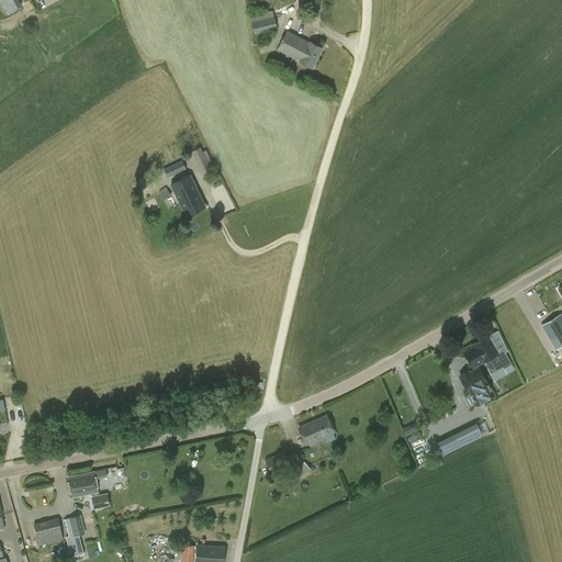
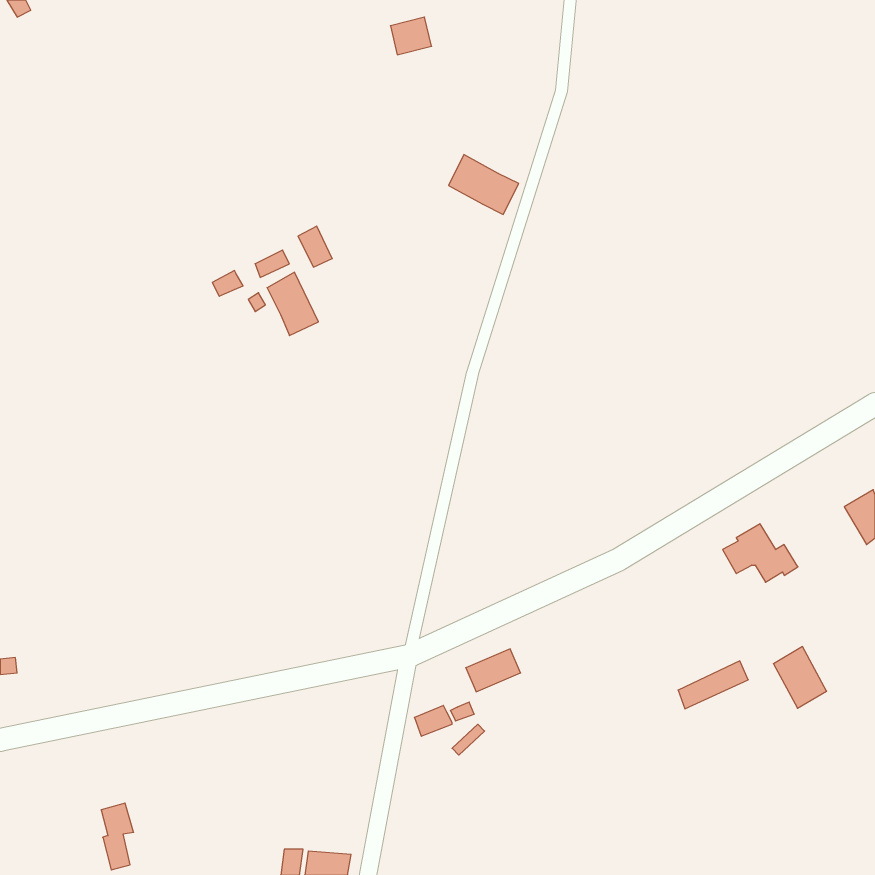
building: [277,30,322,68] -> [449,155,519,214]
building: [460,367,494,406] -> [773,647,827,708]
building: [67,468,110,509] -> none
building: [33,518,63,544] -> none

